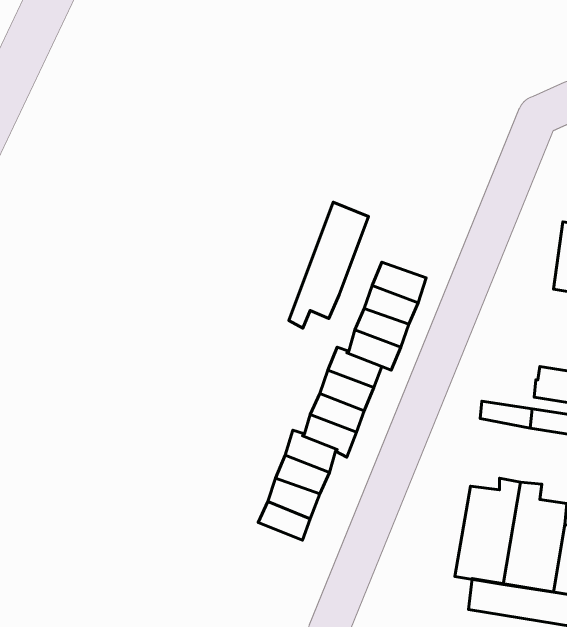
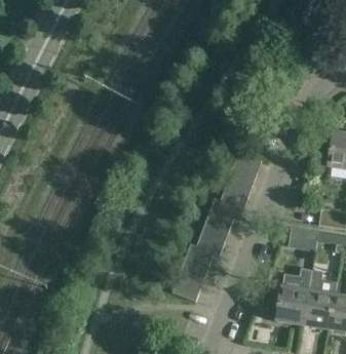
building: [289,202,368,328] -> none

